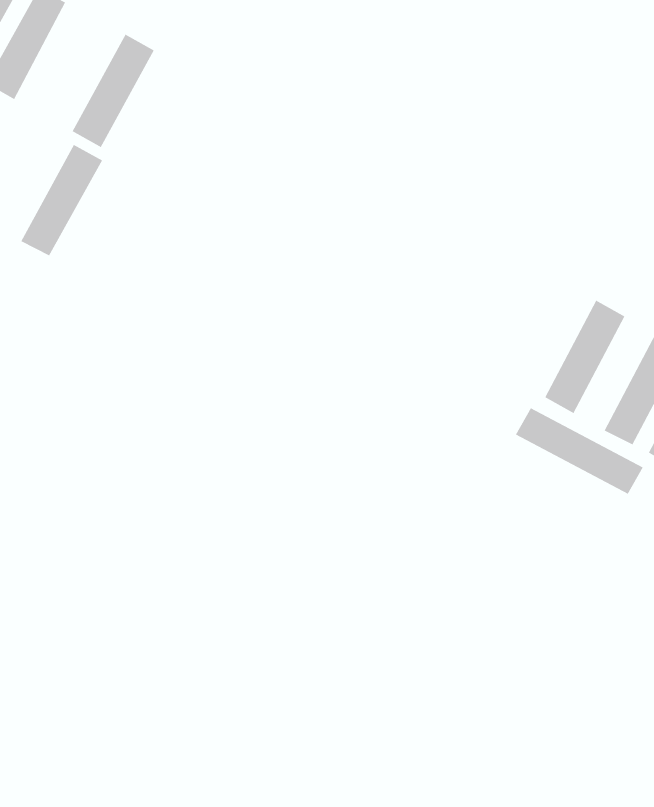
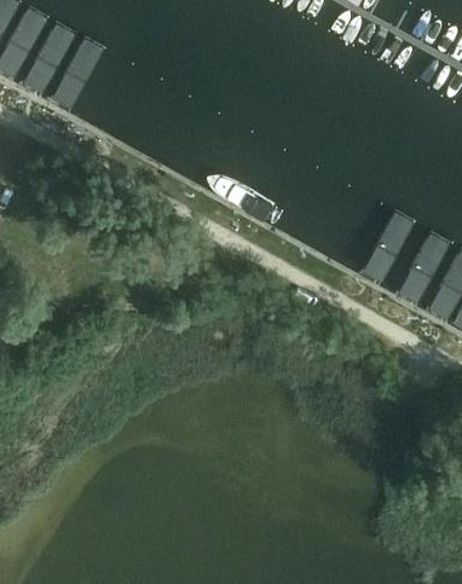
building: [20,144,103,256] -> [22,21,76,94]
building: [515,407,644,495] -> none

